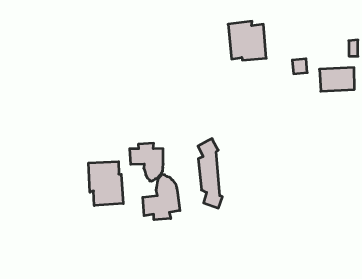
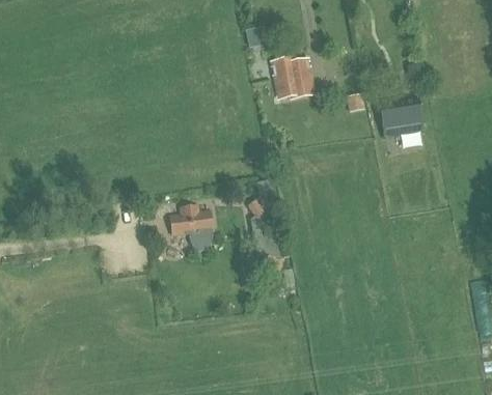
building: [89,162,123,206] -> none
building: [143,174,180,220] -> none

